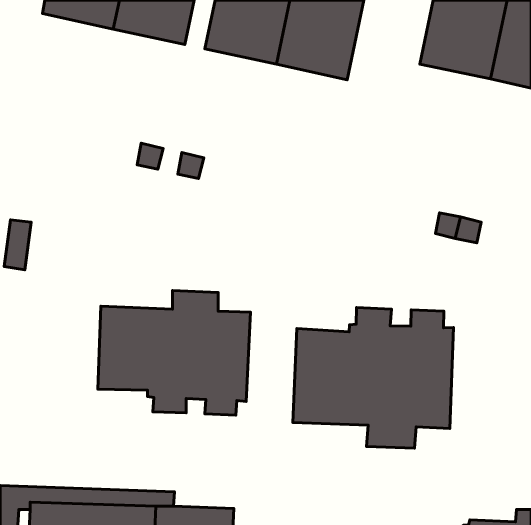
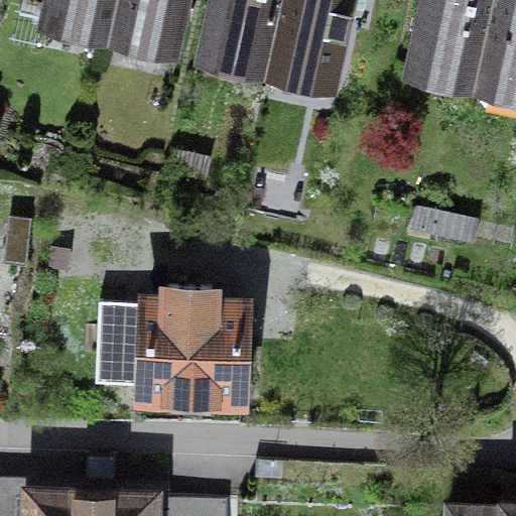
building: [293,308,453,448] -> none

